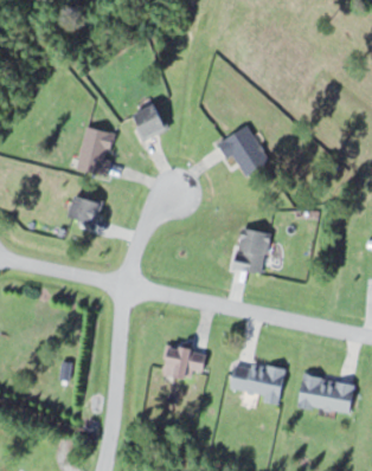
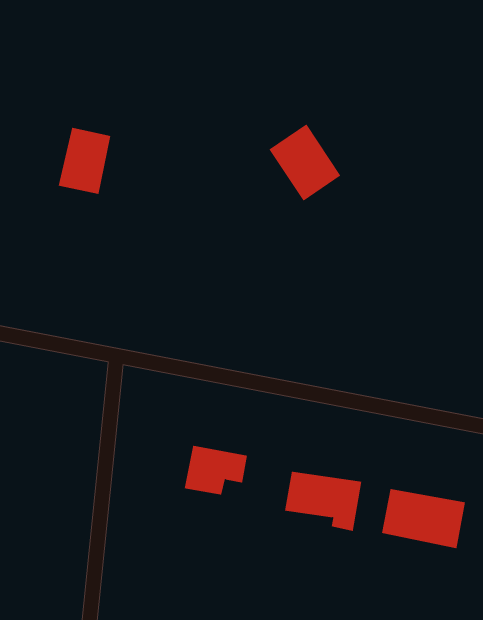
building: [132,102,168,138] -> none
building: [70,194,100,222] -> none
building: [235,227,270,272] -> none

